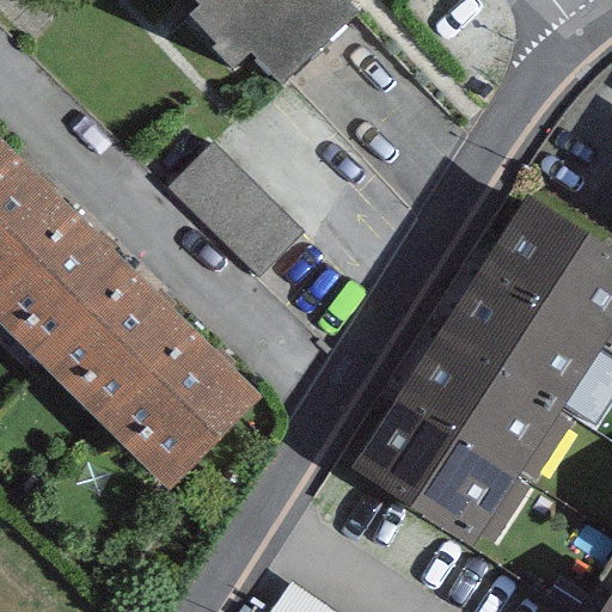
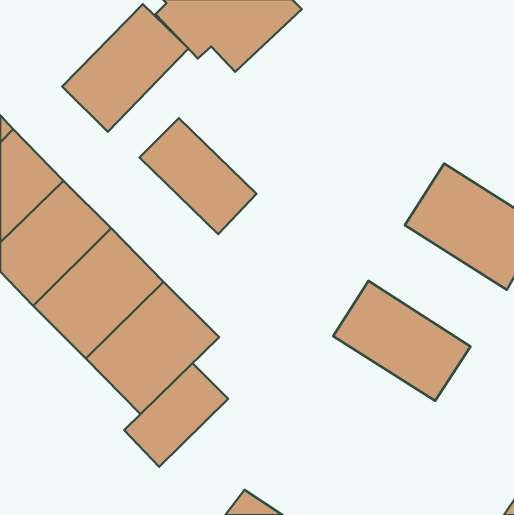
building: none -> [62,4,188,132]
building: [439,267,602,410] -> none
building: [351,398,518,546] -> none
building: none -> [124,363,228,467]

